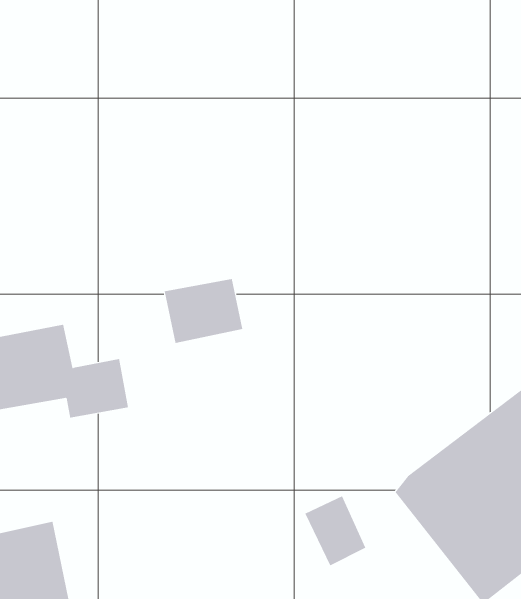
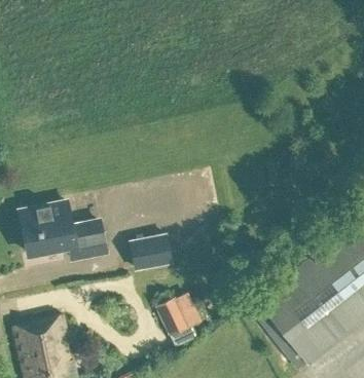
building: [164,279,243,344] -> [129,234,174,271]
building: [305,496,366,566] -> [155,298,190,338]

